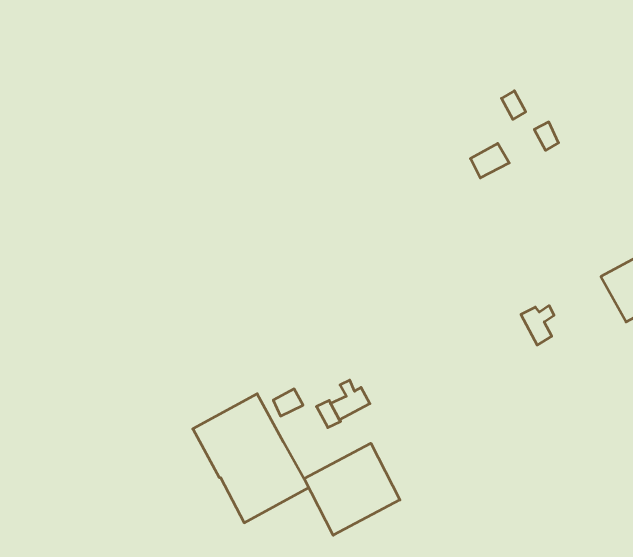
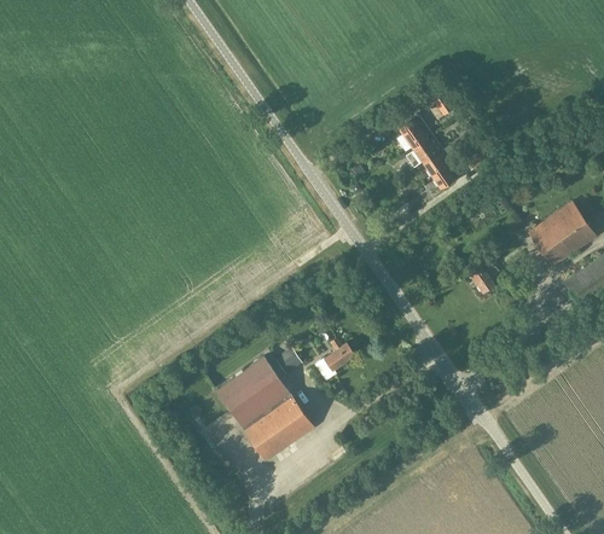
building: none -> [397,115,434,151]
building: none -> [423,146,455,190]
building: [304,443,400,535] -> none

